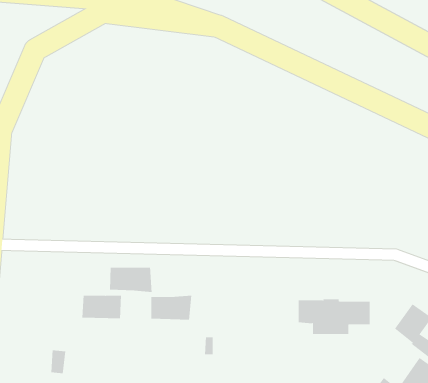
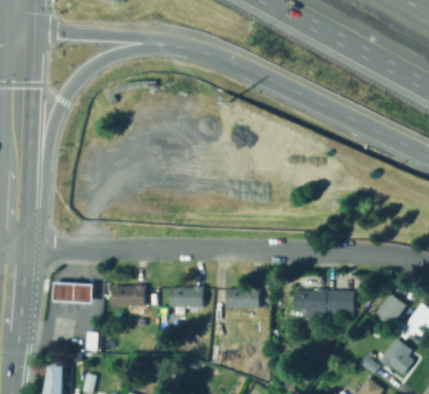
building: [110,267,152,293] -> none
building: none -> [54,284,93,304]
building: none -> [226,287,259,308]

